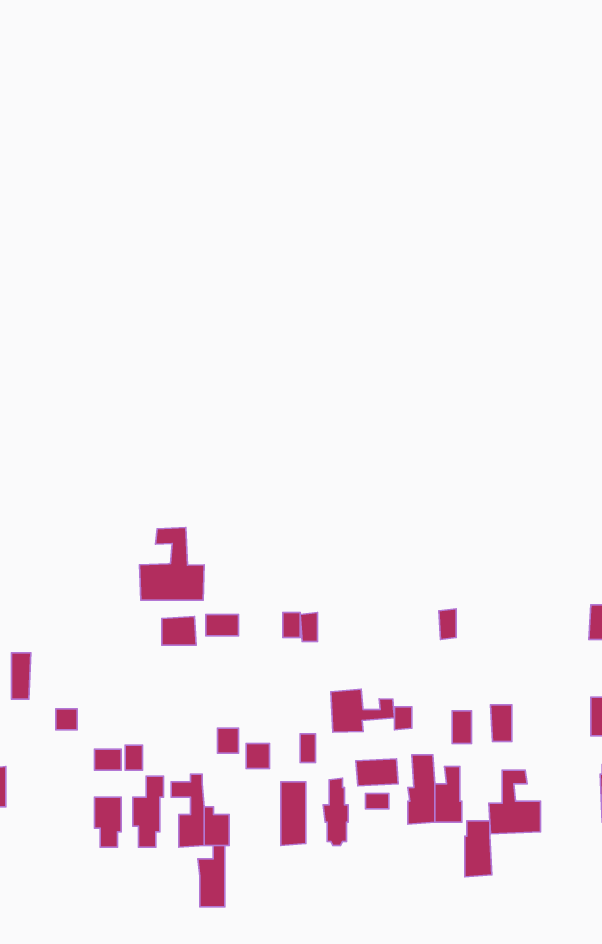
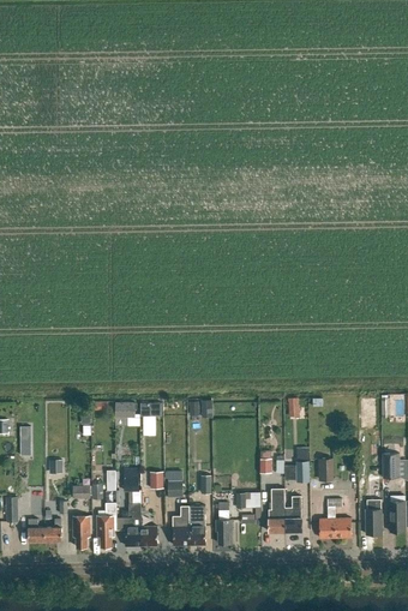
building: [139,528,204,600] -> none
building: [331,689,394,732] -> none
building: none -> [29,520,62,541]
building: [465,821,492,877] -> [366,501,383,535]
building: [198,845,225,907] -> [173,508,190,546]

